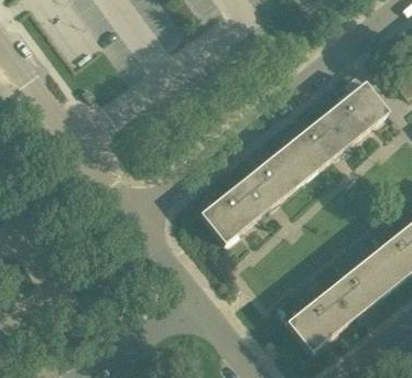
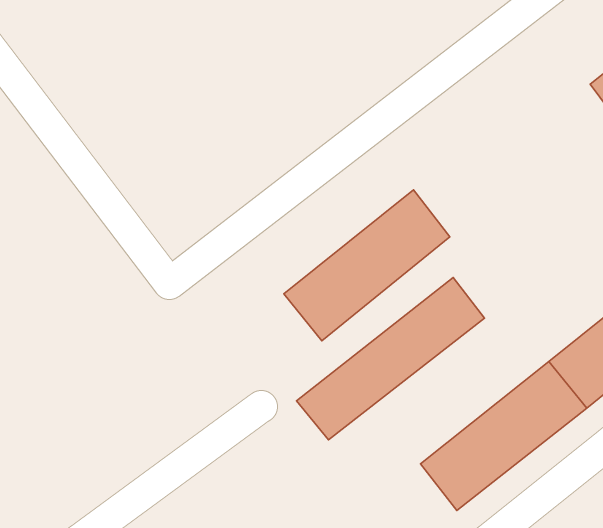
building: [282,83,388,177] -> none
building: none -> [296,277,484,440]

